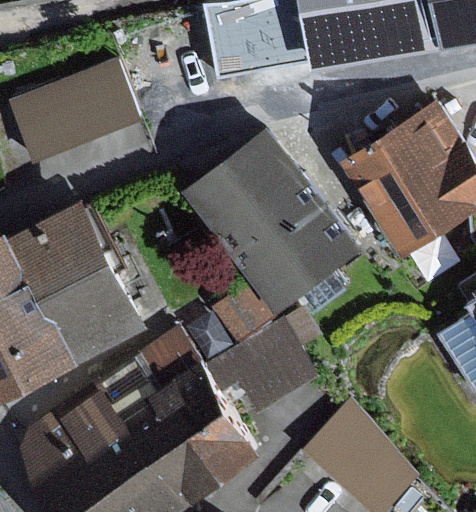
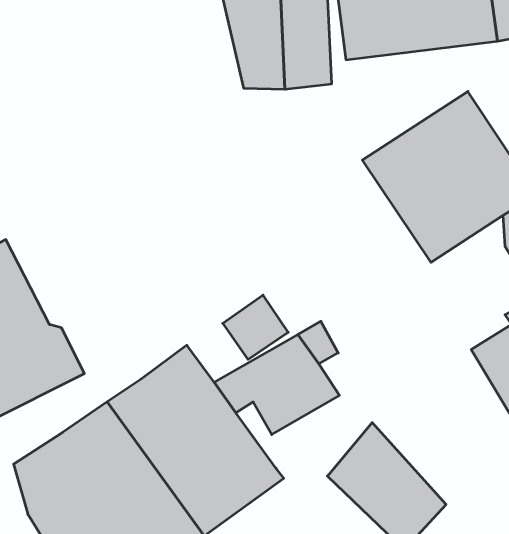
building: [15,63,146,159] -> none
building: [184,130,359,313] -> none
building: [10,196,149,356] -> none

